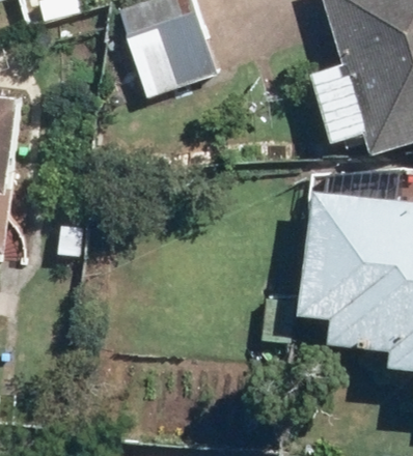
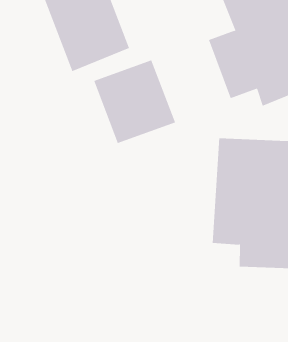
building: none -> [93,60,176,144]

